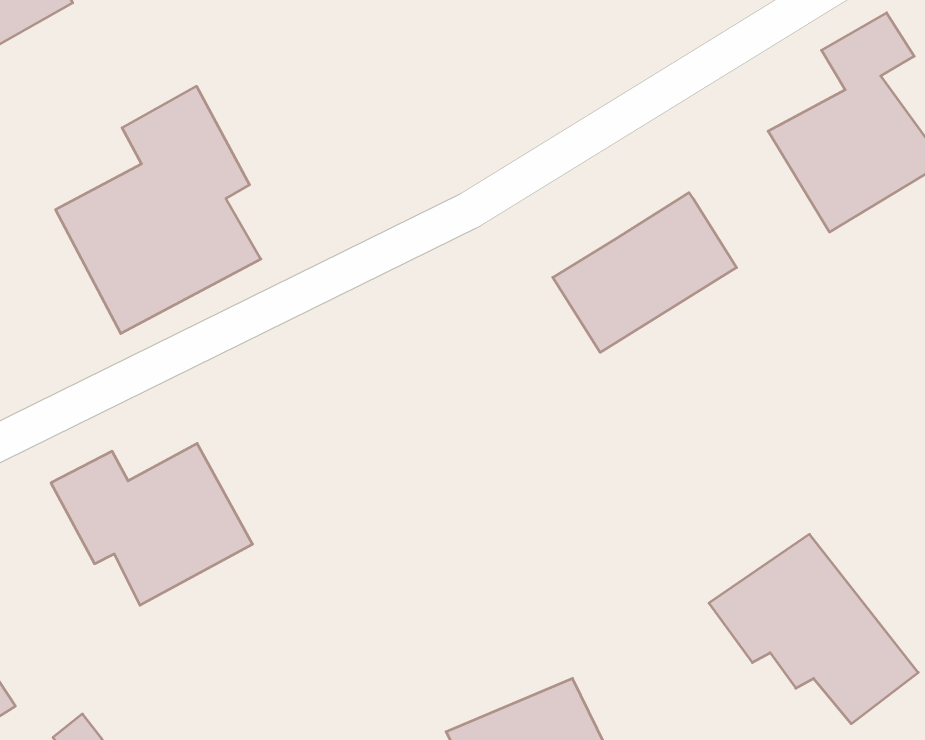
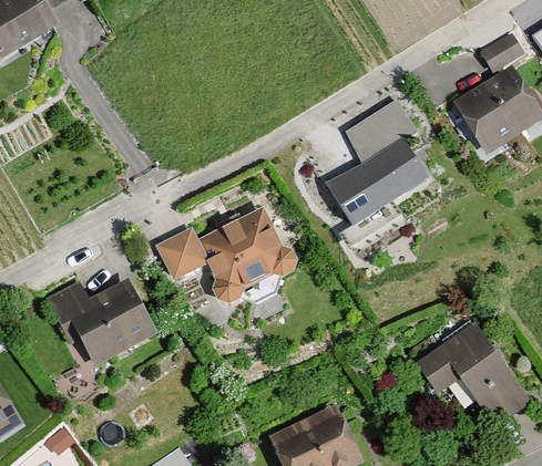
building: [56,86,261,334] -> none
building: none -> [342,95,418,160]
building: none -> [156,205,298,302]

